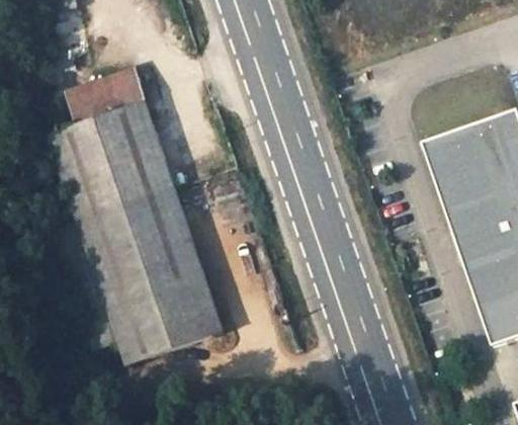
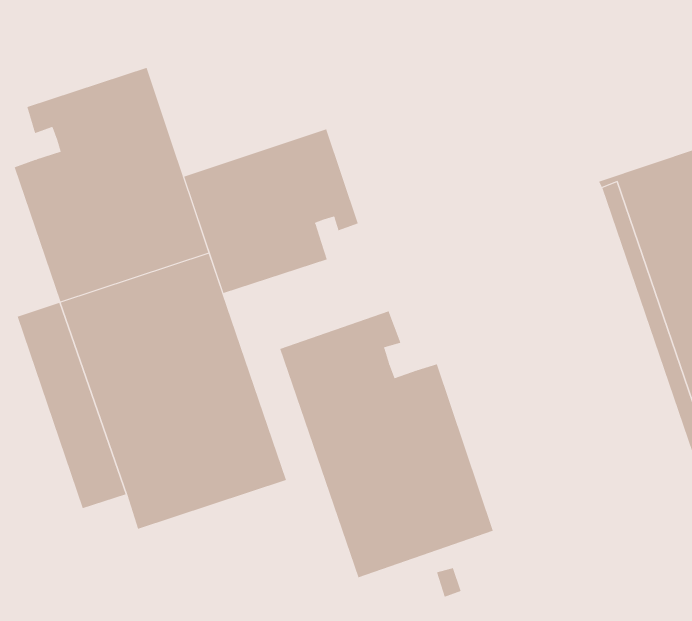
building: none -> [183,128,359,294]
building: none -> [280,310,493,578]

